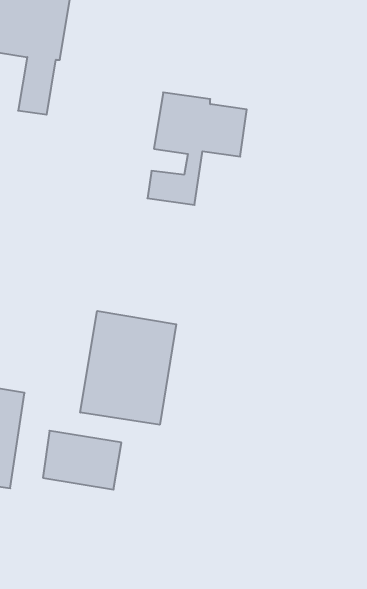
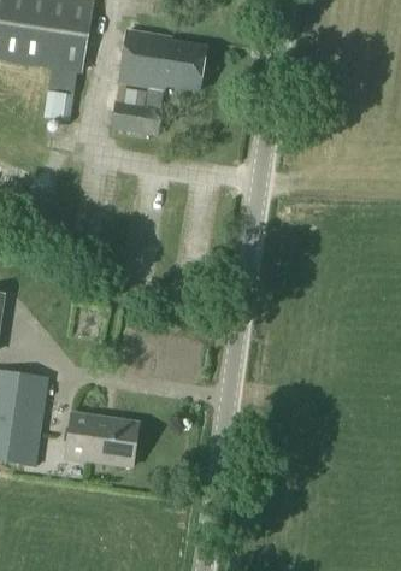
building: [147,92,247,205] -> [113,30,205,134]
building: [80,311,176,425] -> none

